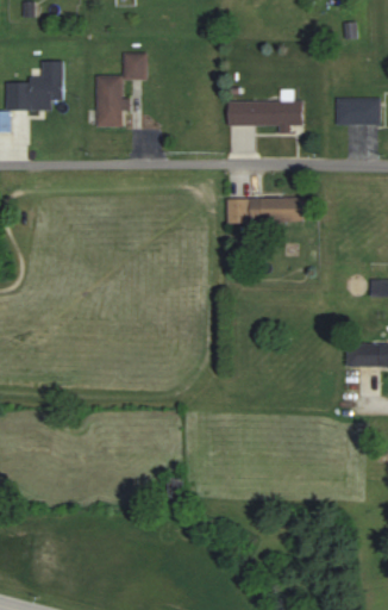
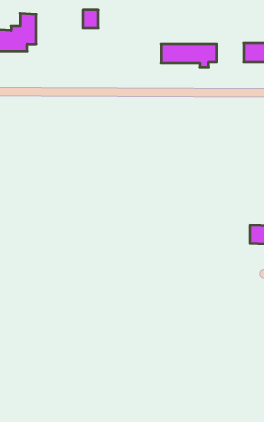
building: [99,77,124,127] -> none
building: [226,198,305,224] -> none

